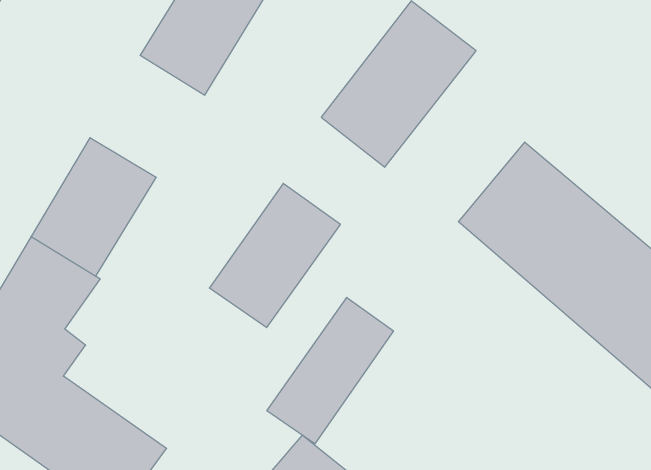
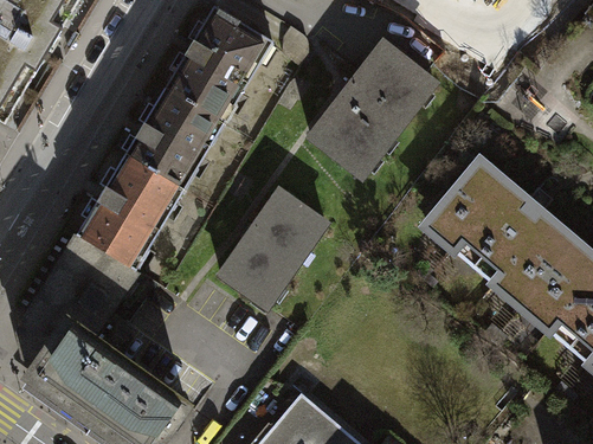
building: none -> [125,88,218,186]
building: [267,297,393,444] -> none

